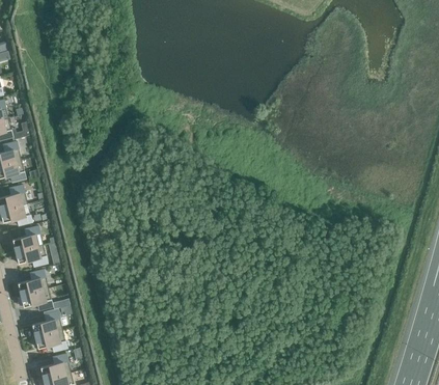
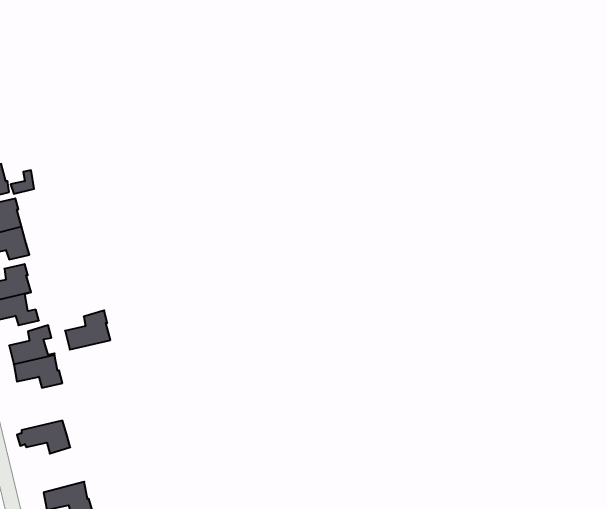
building: [17,269,47,295] -> [65,310,110,350]
building: [31,310,61,336] -> none

